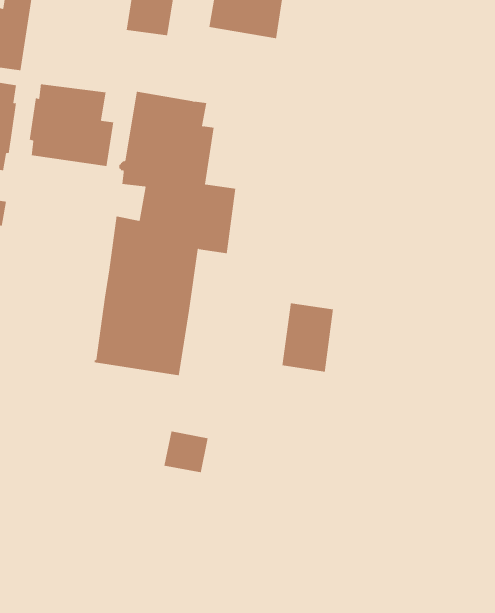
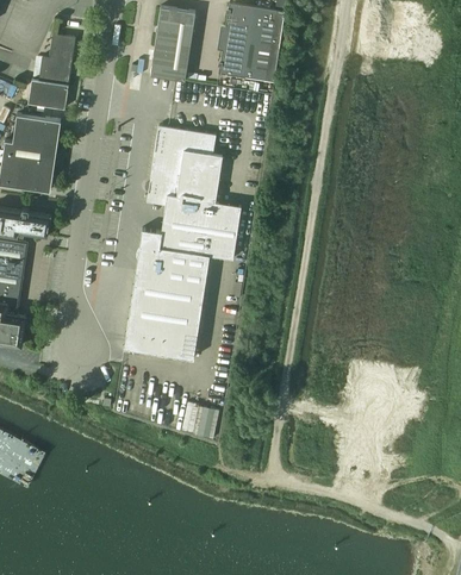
building: [29,83,114,167] -> none
building: [282,302,334,372] -> none

